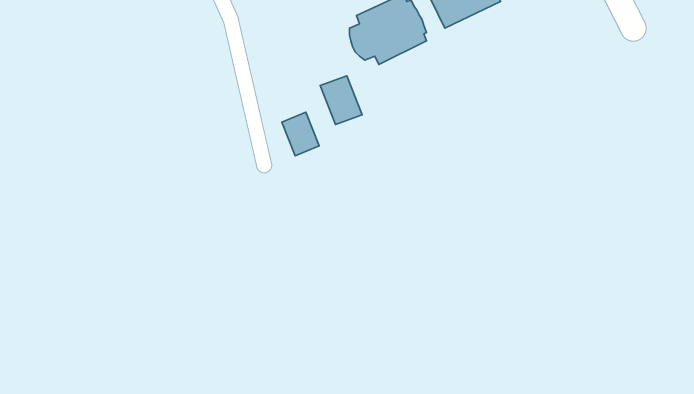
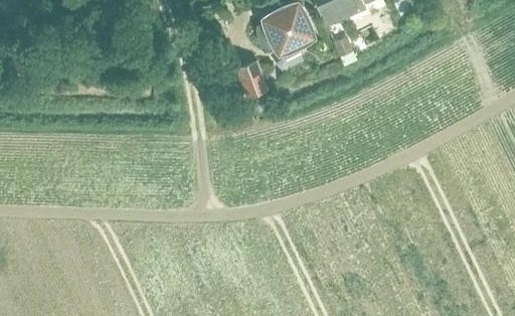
building: [282,112,319,156] -> none

